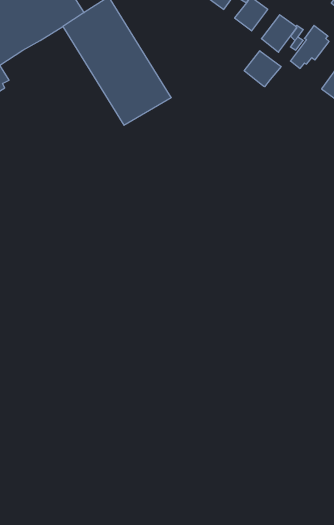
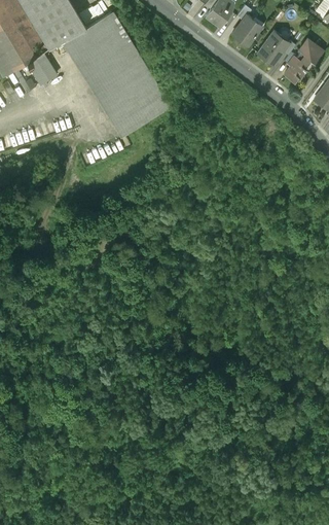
building: none -> [27,52,57,84]
building: [244,51,281,87] -> none

